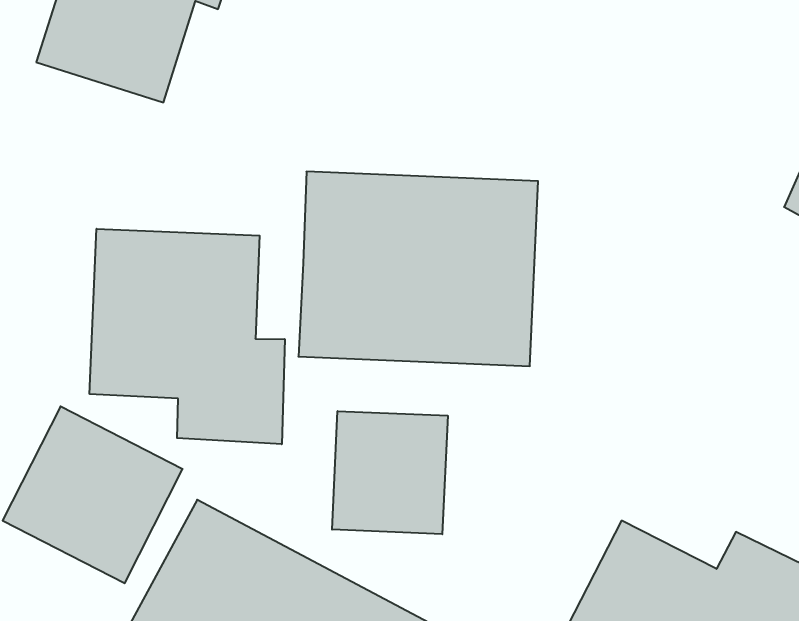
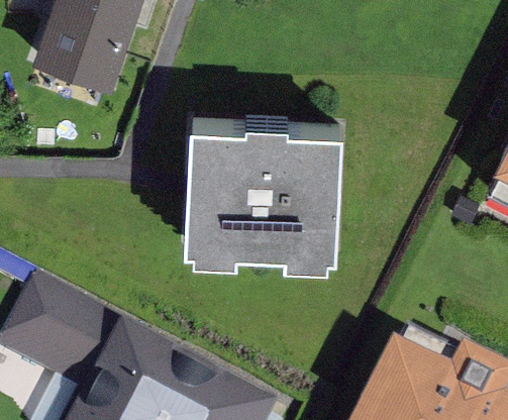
building: [90,229,285,444] -> none
building: [332,411,448,534] -> none

